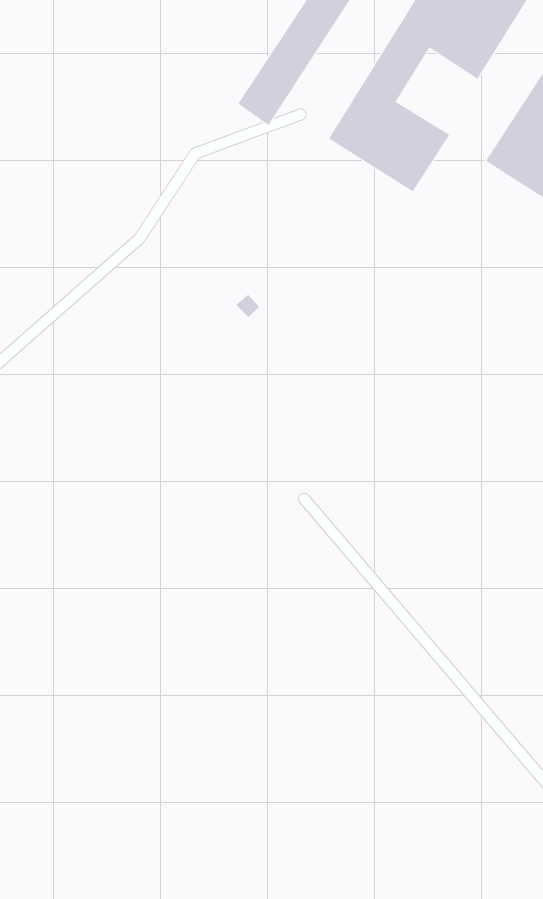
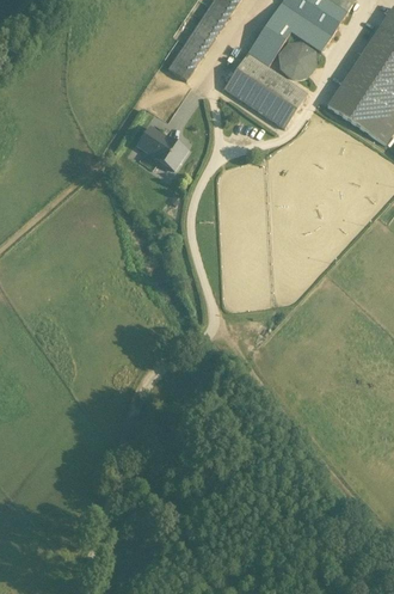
building: none -> [278,42,316,80]
building: none -> [135,127,185,171]

